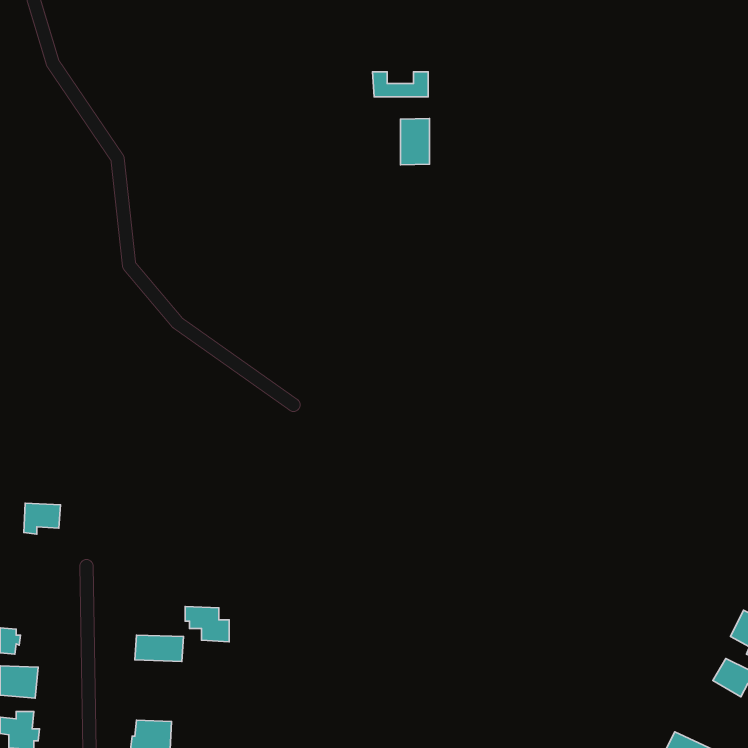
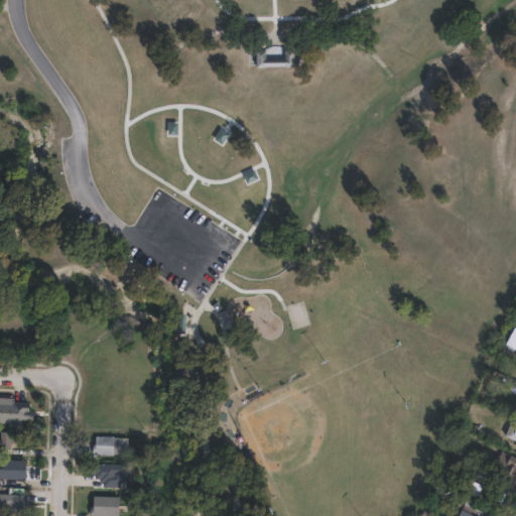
building: [401,118,430,165] -> none
building: [24,503,60,534] -> [6,403,31,424]
building: [185,606,229,642] -> [93,465,123,489]

